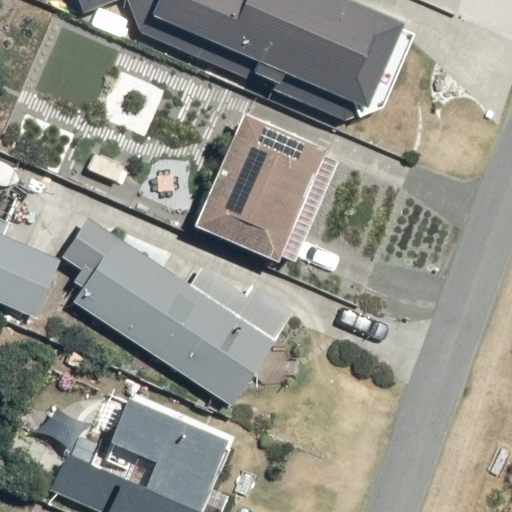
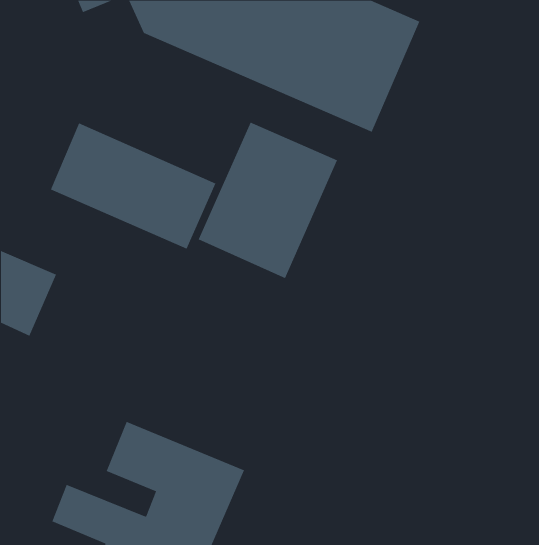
building: none -> [50,123,216,250]
building: [62,215,294,405] -> none

